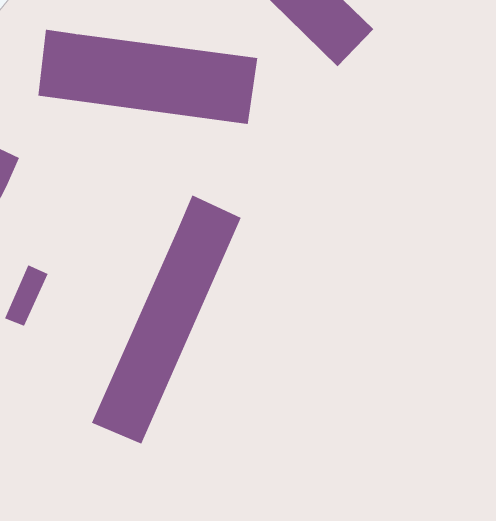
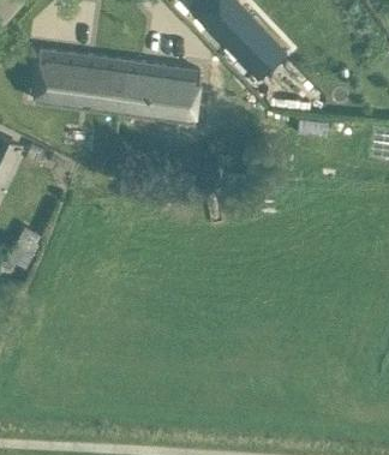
building: [91,194,242,445] -> none

